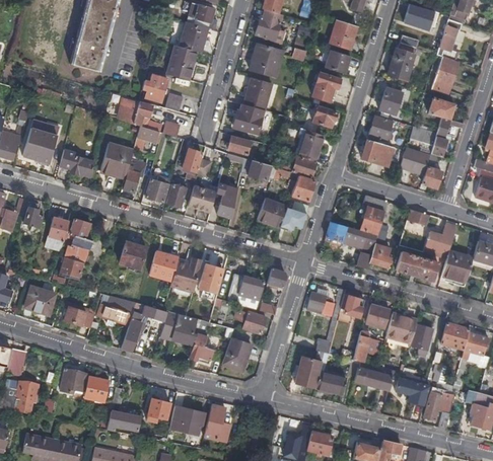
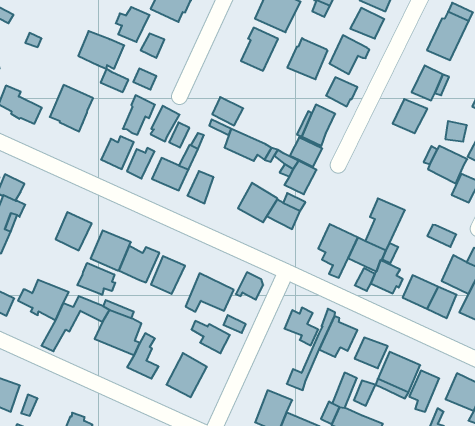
building: [233,103,263,134] -> [287,38,328,79]
building: [361,139,393,166] -> none
building: [124,162,146,193] -> [123,95,155,135]
building: none -> [77,263,115,295]

